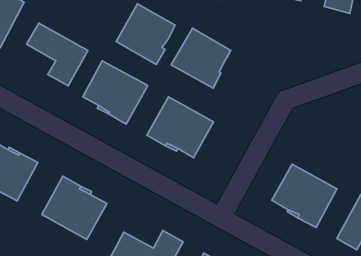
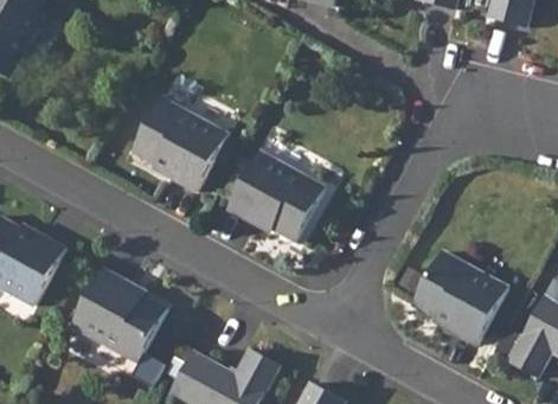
building: [116,4,175,65] -> none
building: [26,23,88,86] -> none
building: [171,28,231,88] -> none

